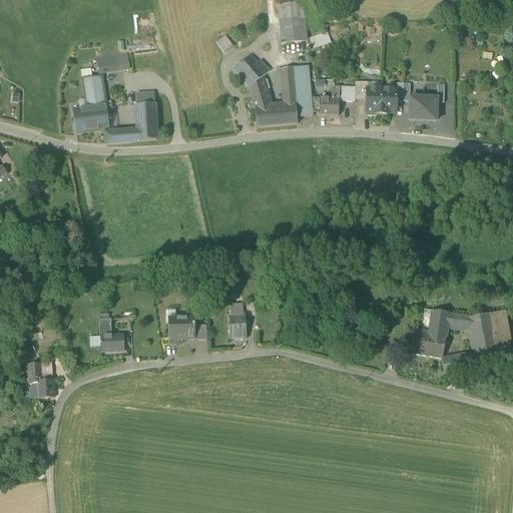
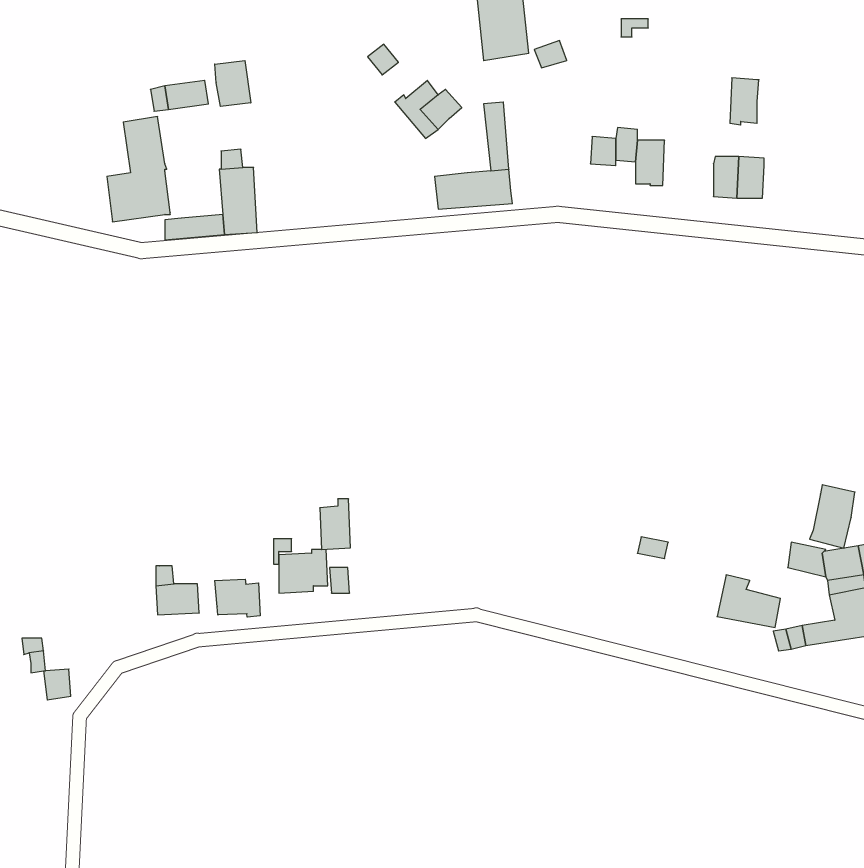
building: none -> [215,61,251,106]
building: [293,63,313,114] -> none
building: [249,74,273,106] -> none
building: [319,84,340,113] -> none
building: [381,86,397,112] -> [730,78,759,125]
building: [427,305,452,340] -> [810,485,855,548]
building: [229,309,246,337] -> [320,499,350,550]
building: none -> [215,579,260,617]

